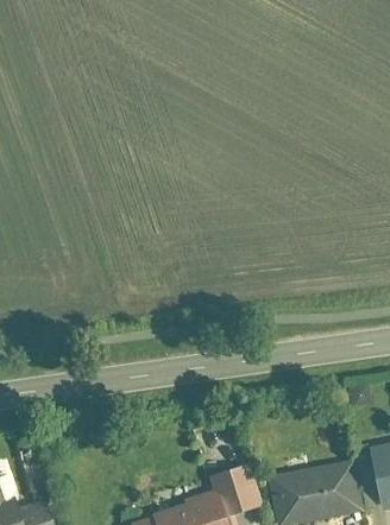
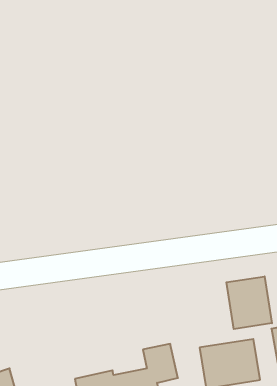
building: none -> [226,276,272,329]

